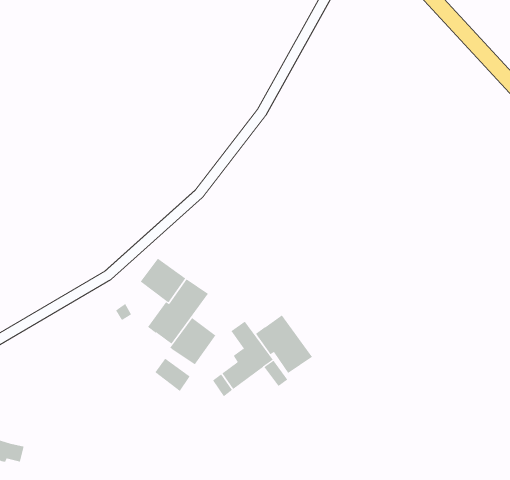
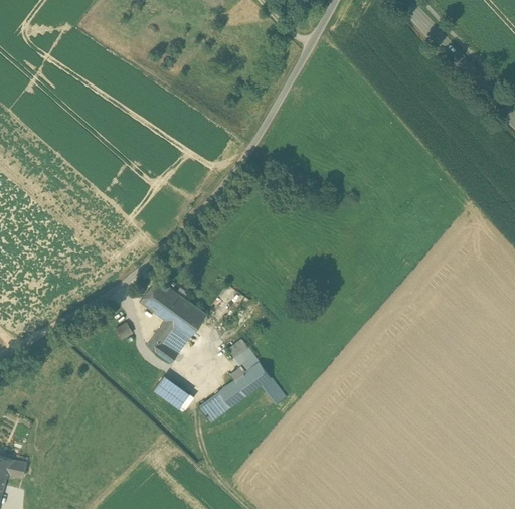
building: [255,314,313,374] -> none
building: [169,317,216,365] -> none

